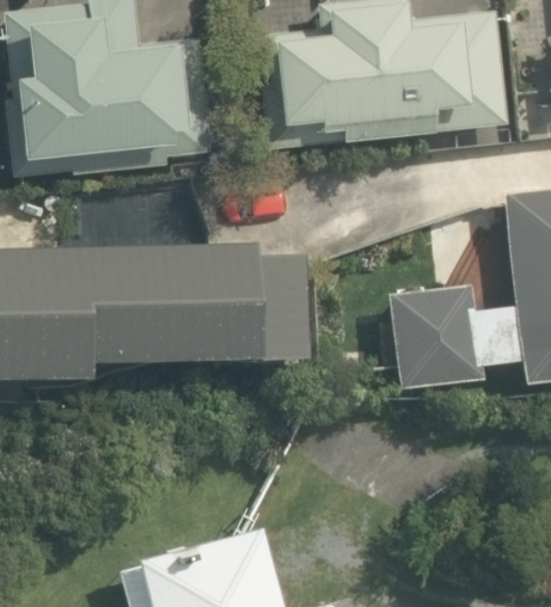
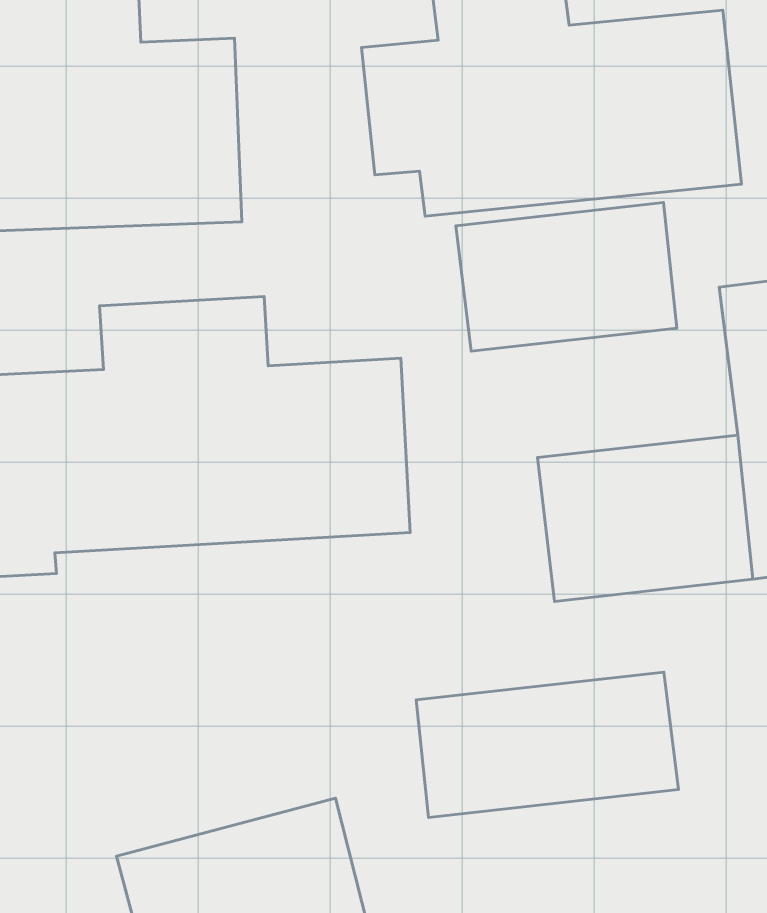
building: none -> [456,203,677,351]
building: none -> [416,672,679,818]

